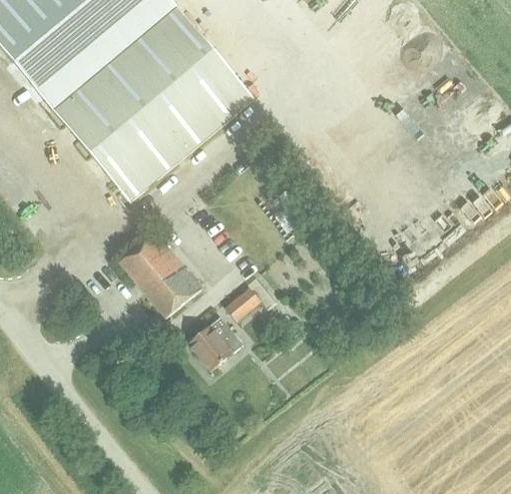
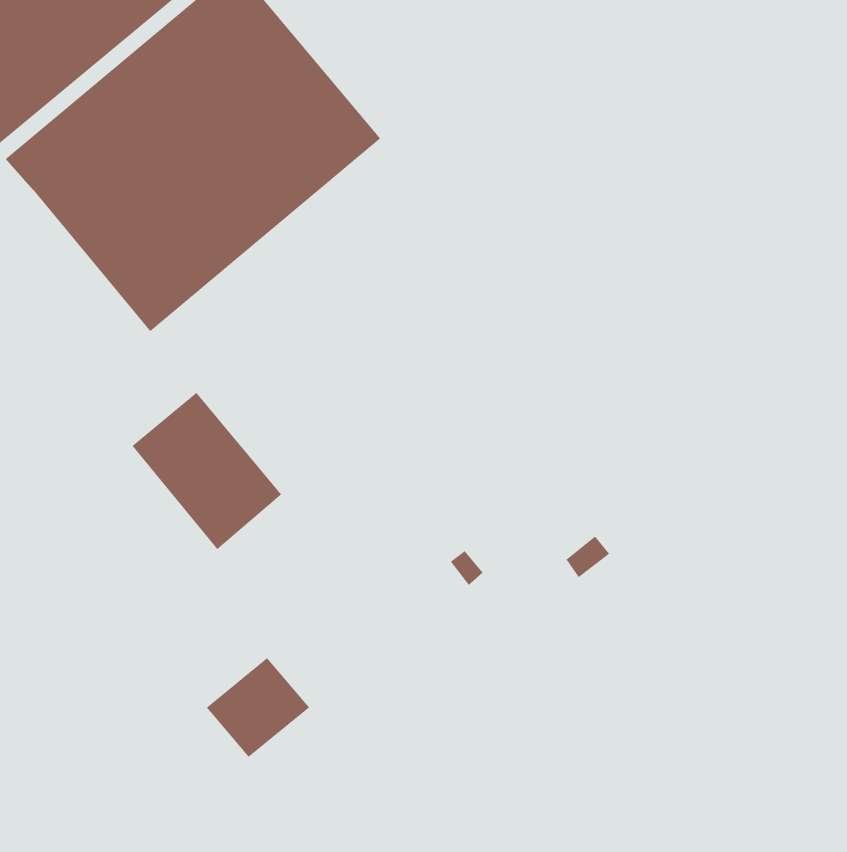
building: [224,288,260,322] -> none
building: [186,318,242,372] -> [206,657,310,758]

